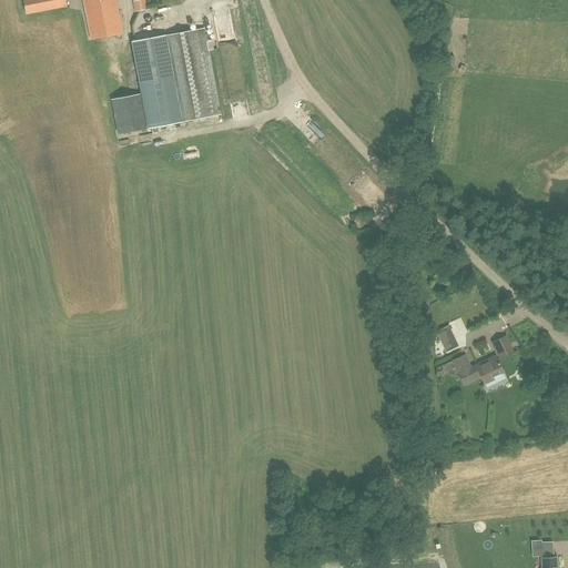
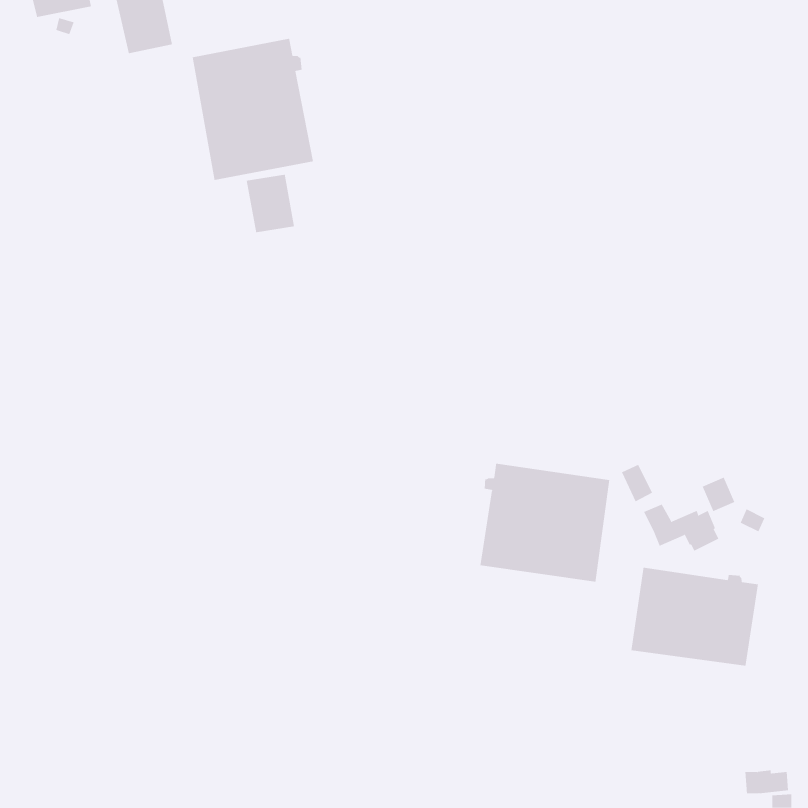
building: [112,92,146,133] -> [246,174,295,233]
building: none -> [480,463,610,583]
building: none -> [631,567,758,667]

